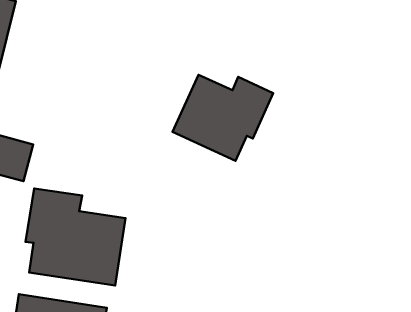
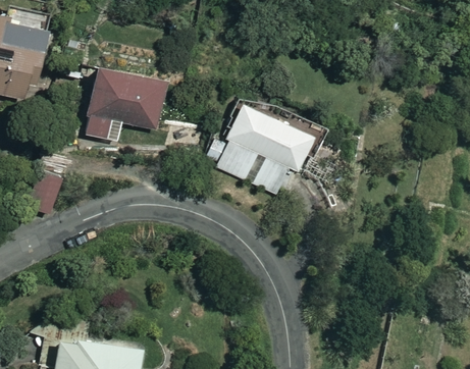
building: none -> [80,65,168,144]
building: [25,189,125,285] -> none

